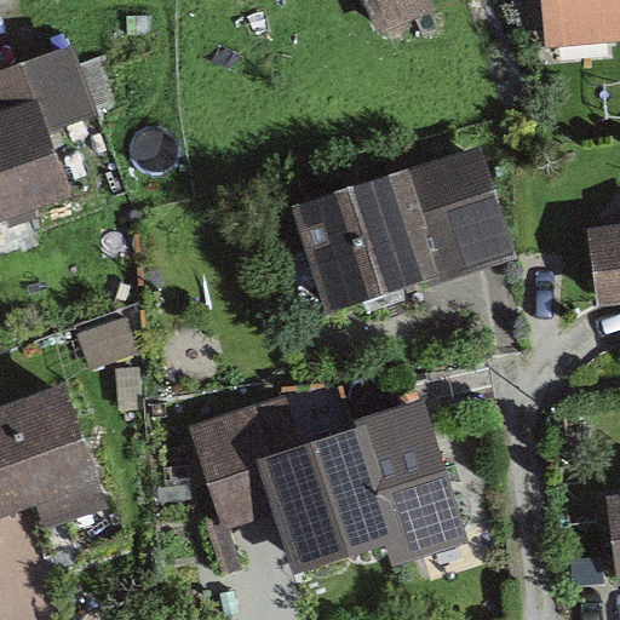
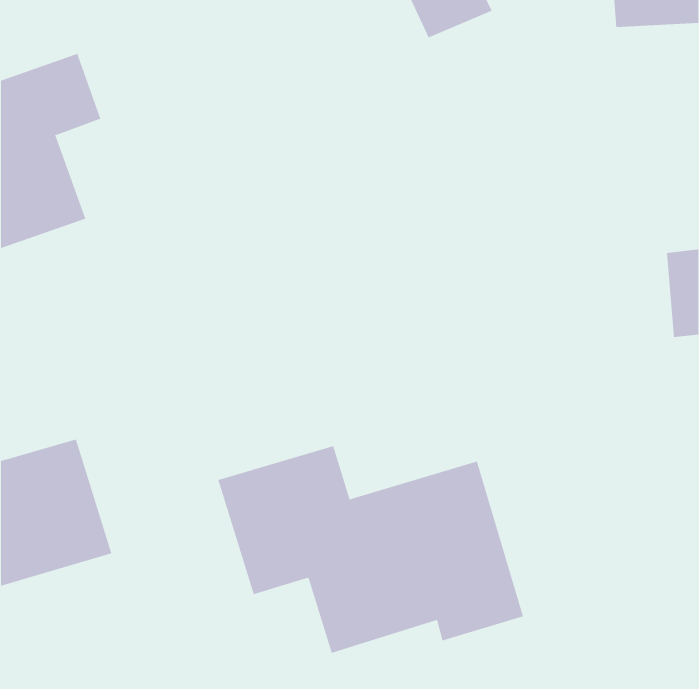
building: [293,145,513,311] -> none

